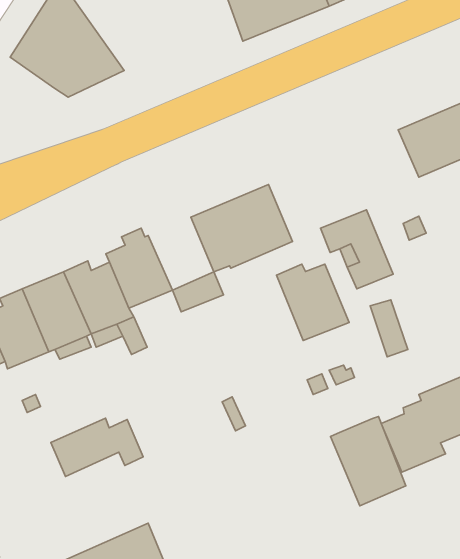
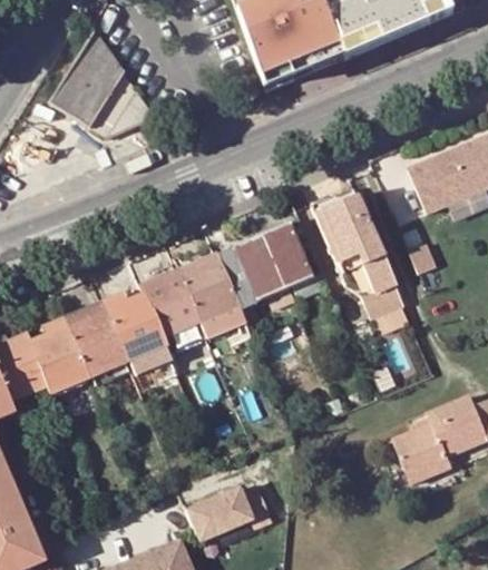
building: none -> [179,250,240,317]
building: [276,264,349,341] -> [313,190,380,261]
building: [330,416,406,506] -> none
building: [51,418,143,476] -> [188,484,273,538]

